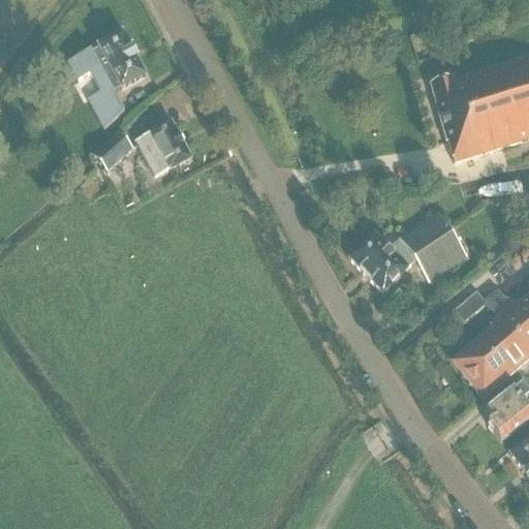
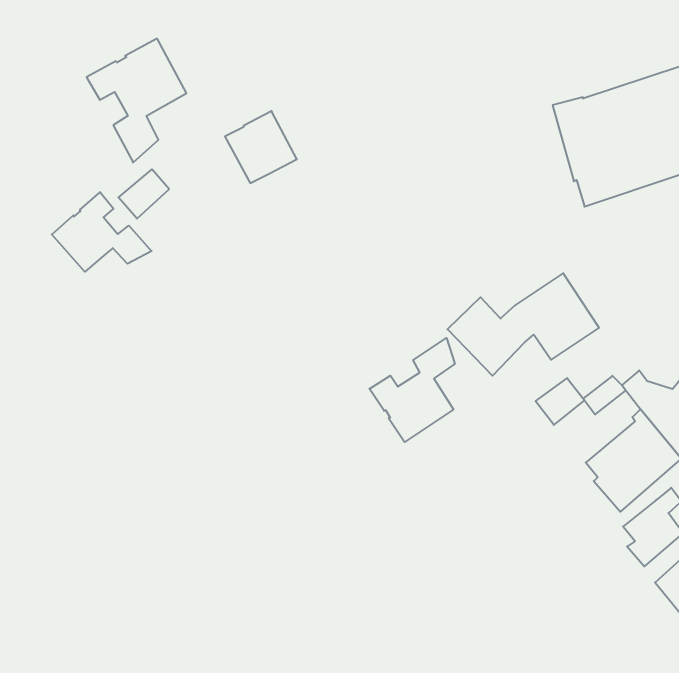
building: [135,120,191,176] -> [225,111,297,183]
building: none -> [52,192,152,272]
building: none -> [369,338,455,442]
building: none -> [536,378,584,425]

